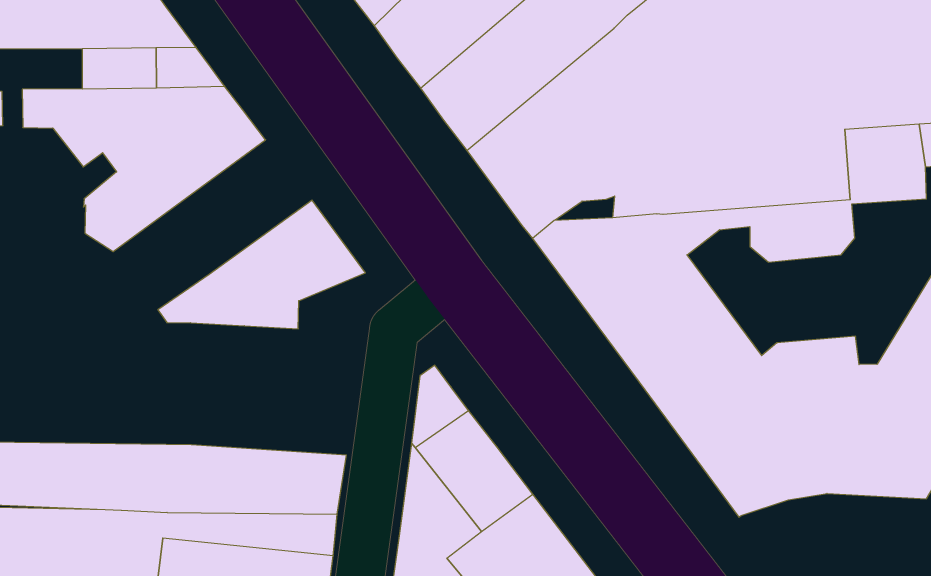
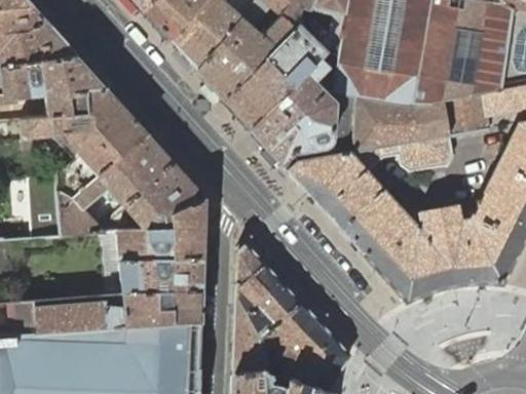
building: none -> [33,131,173,234]
building: none -> [115,195,205,291]

